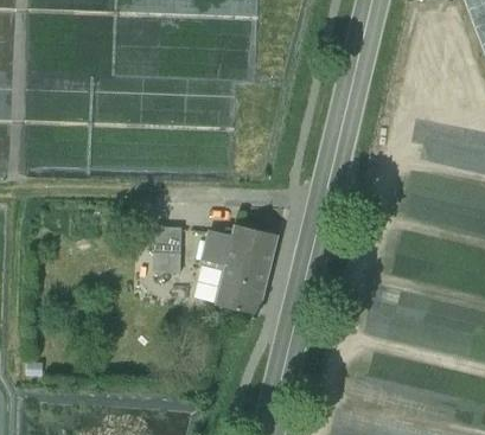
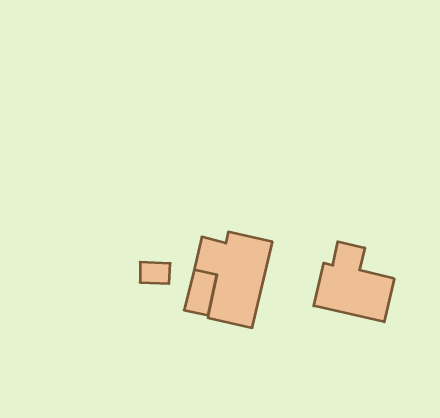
building: [153,228,181,255] -> none
building: none -> [314,242,394,322]

